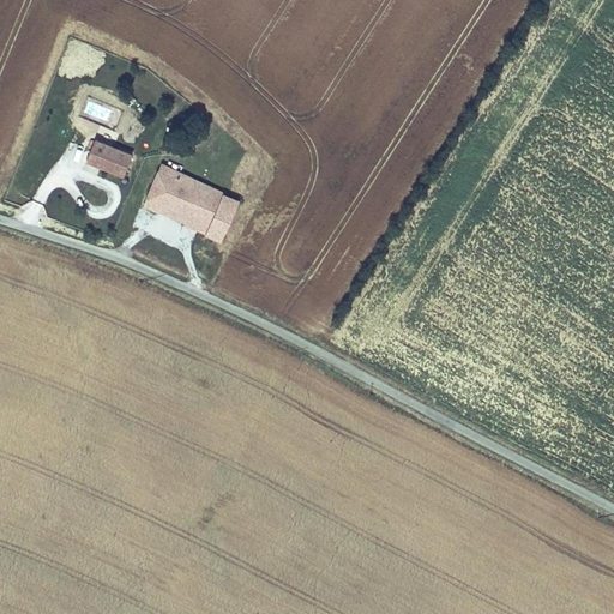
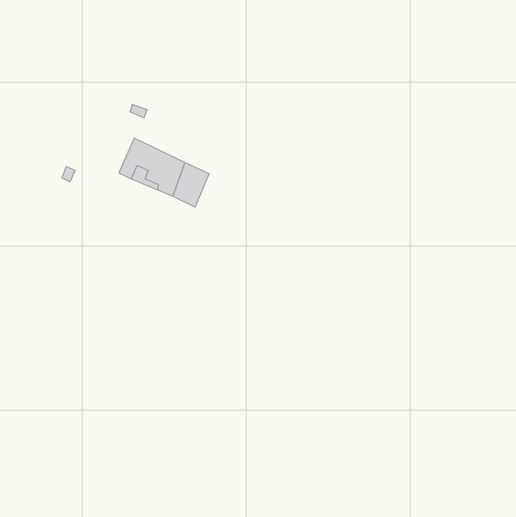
building: [84,139,132,177] -> none

